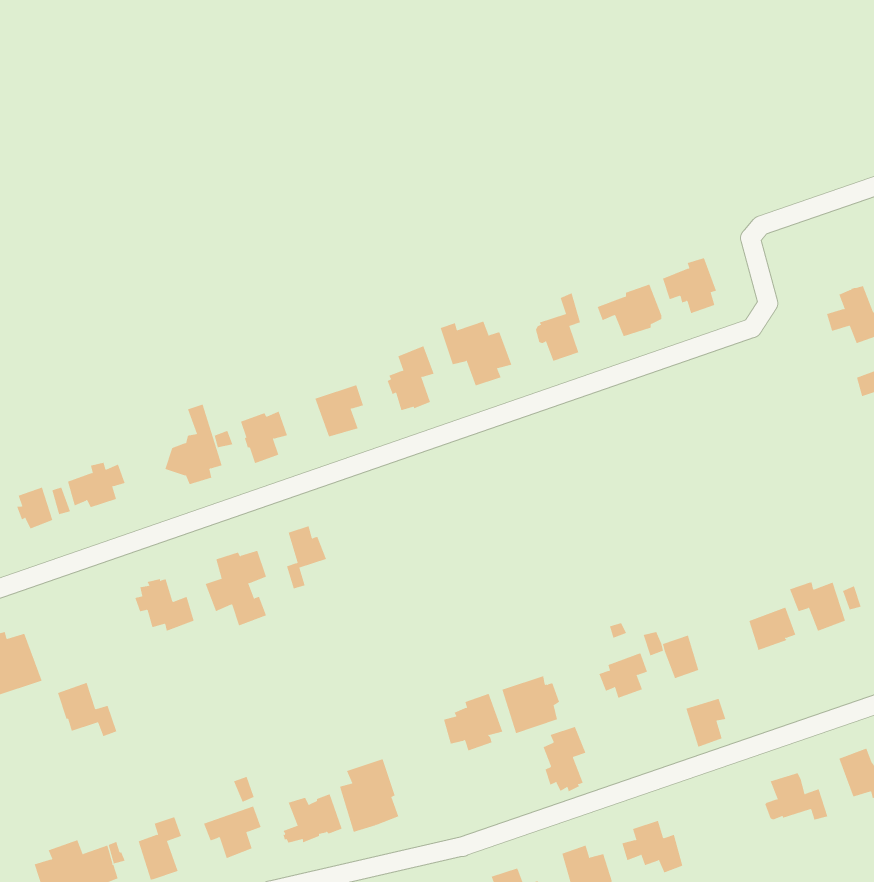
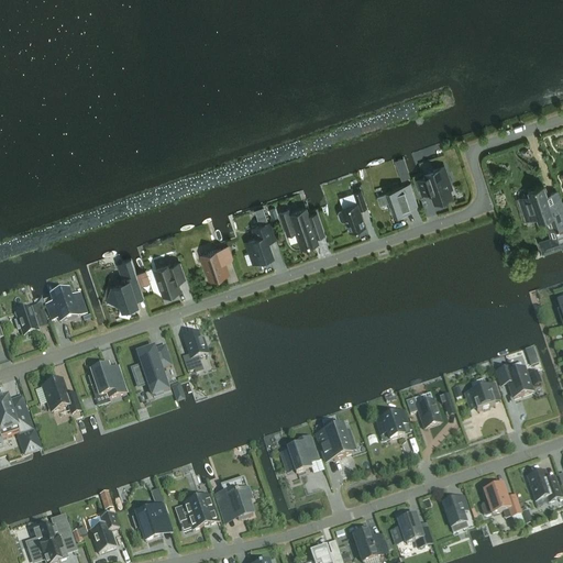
building: [57,682,117,737] -> [43,377,80,411]
building: [685,698,726,747] -> [442,495,467,526]
building: [543,726,586,792] -> none

